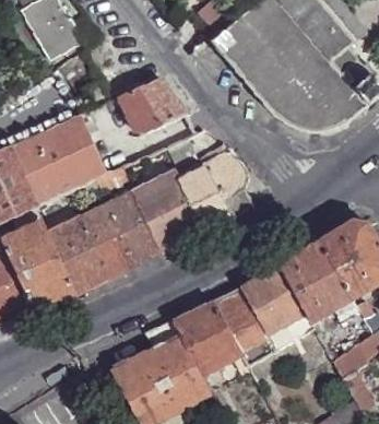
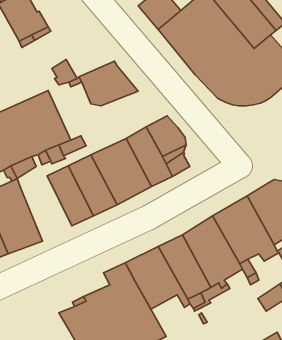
building: [47,215,108,294] -> none

